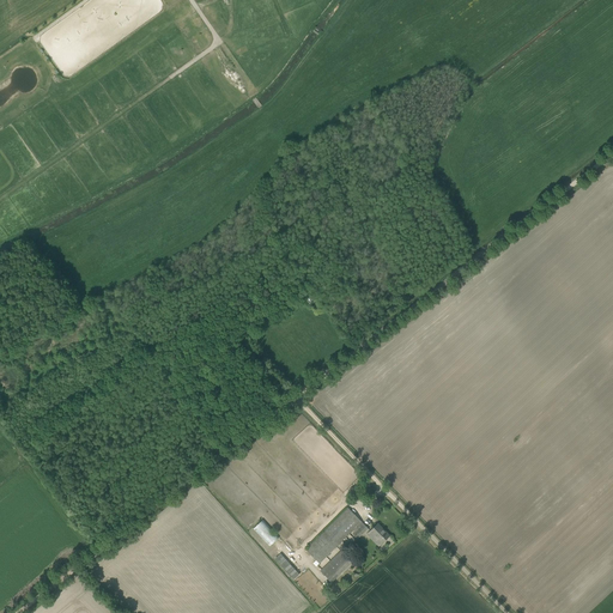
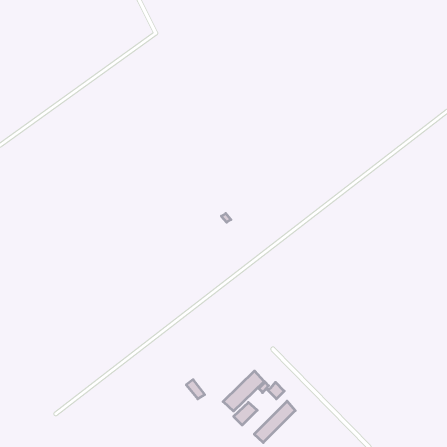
building: none -> [254,401,295,443]

